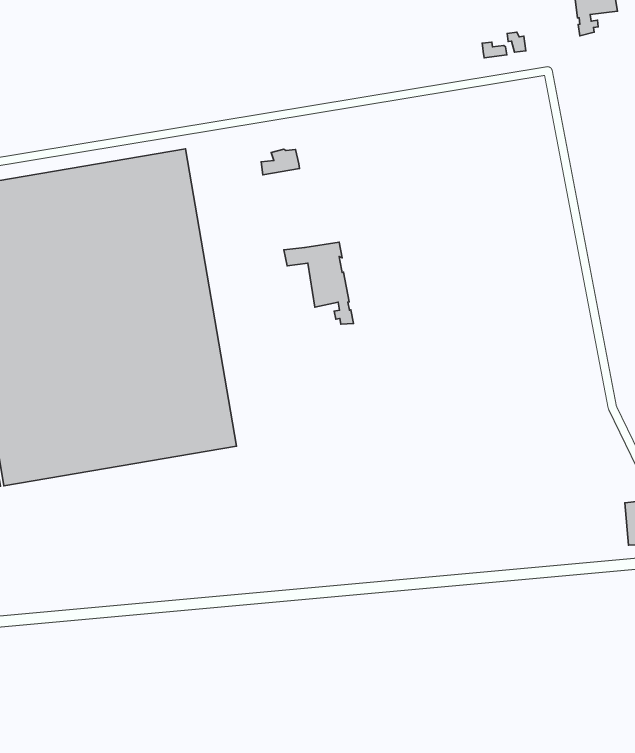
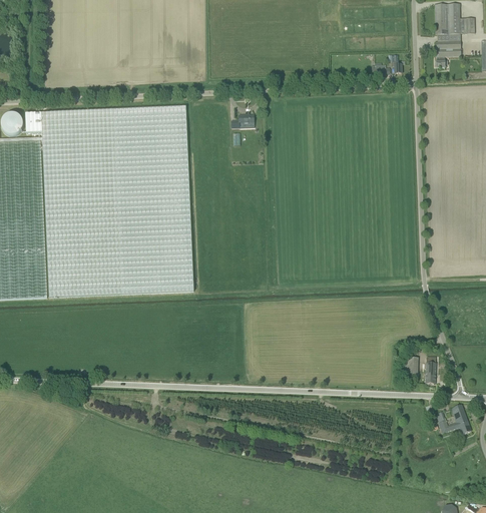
building: [284,242,354,324] -> none

